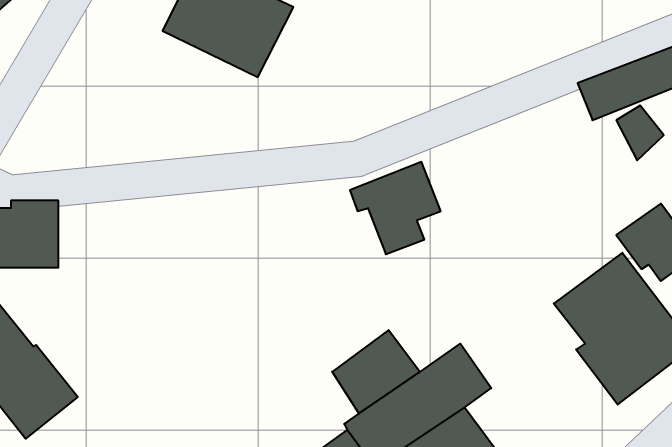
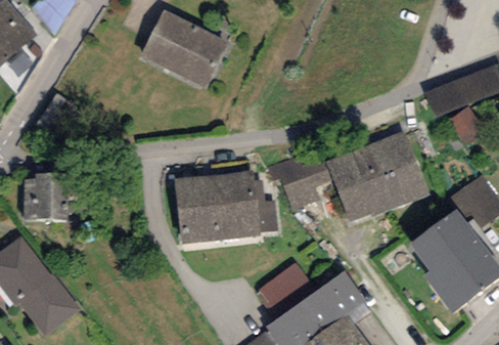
building: none -> [325,131,428,221]
building: none -> [173,170,277,244]

